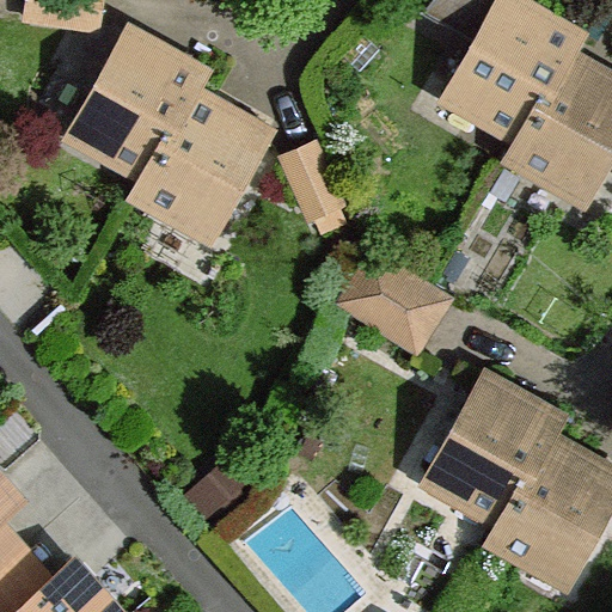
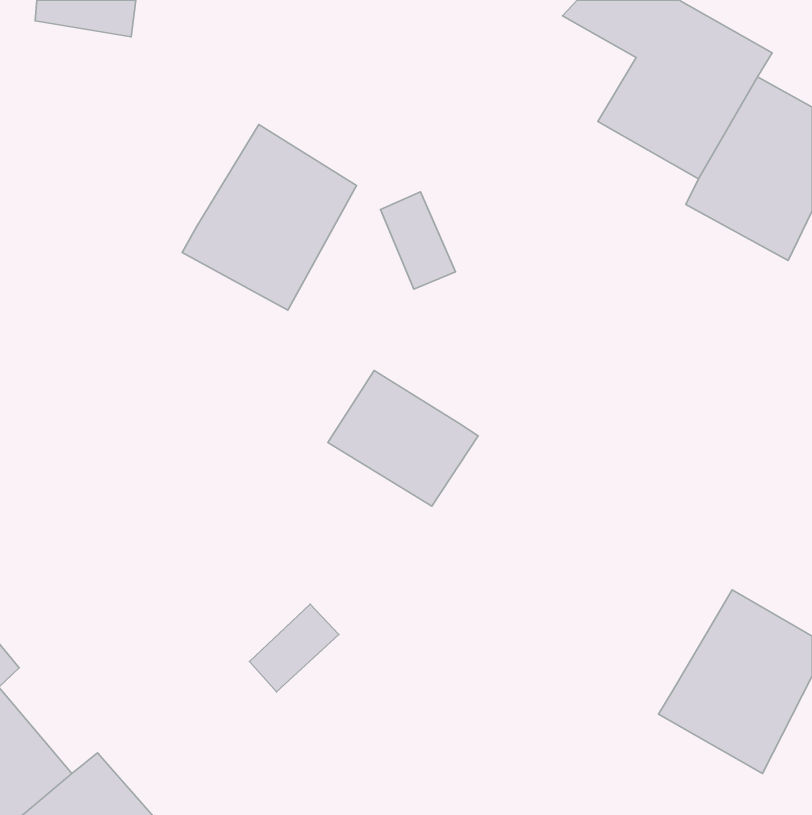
building: [73,36,201,171] -> none
building: [339,251,452,353] -> [328,370,478,506]
building: [429,382,557,518] -> none

